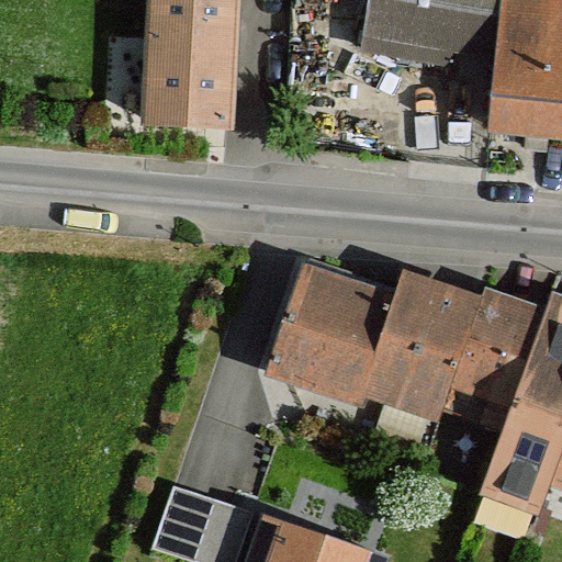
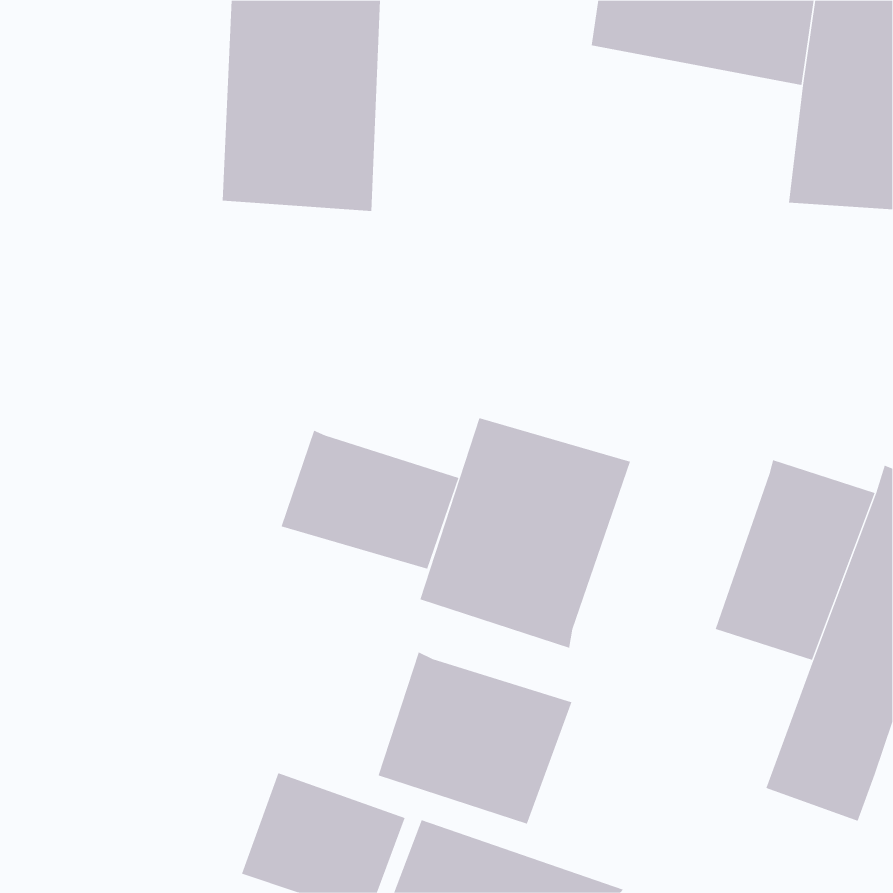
building: none -> [281,430,459,569]
building: [360,270,483,423] -> none
building: none -> [378,651,572,825]

